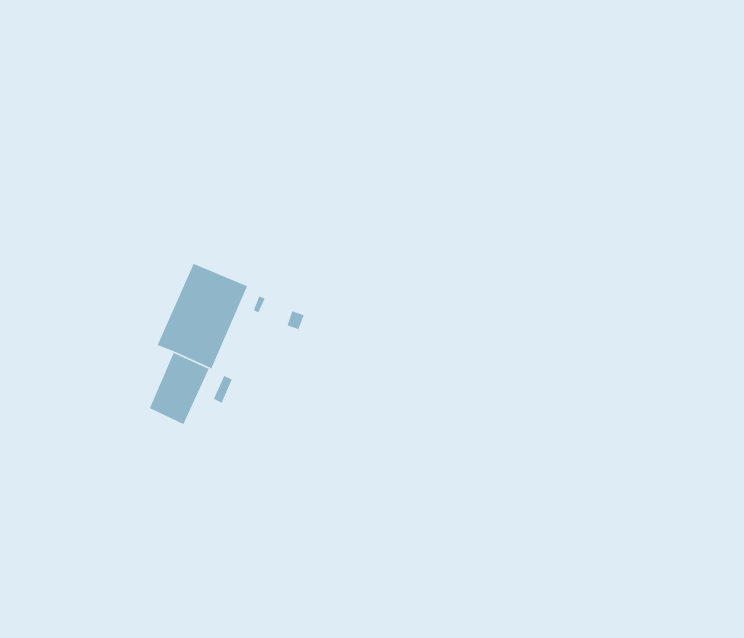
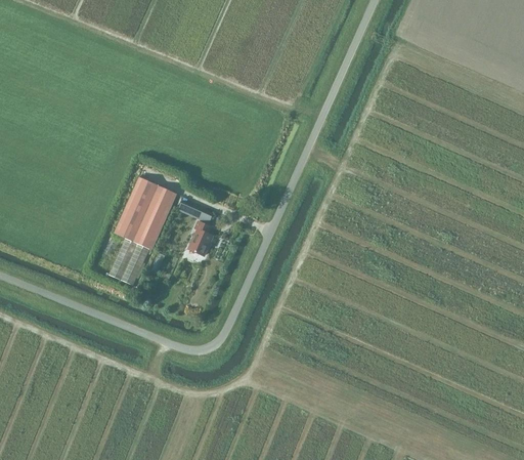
building: none -> [188,221,214,256]

